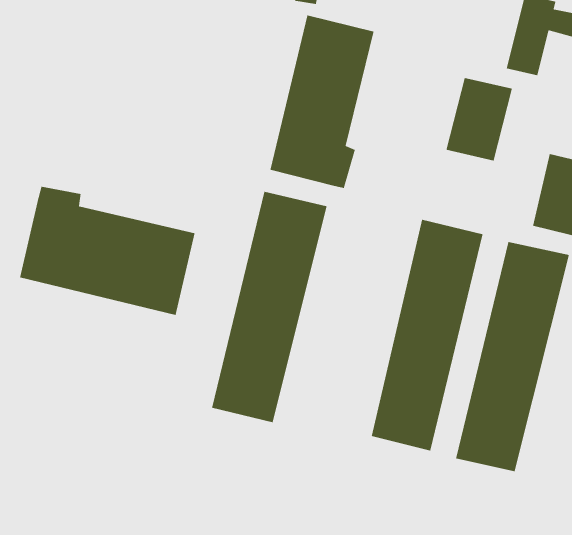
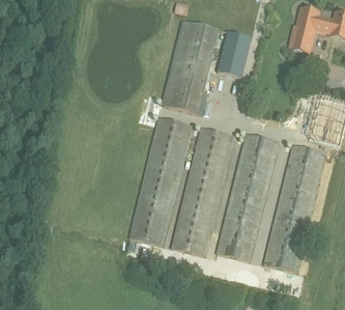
building: [445,77,513,161] -> [215,31,253,78]
building: [19,186,195,316] -> none
building: none -> [171,128,233,255]

